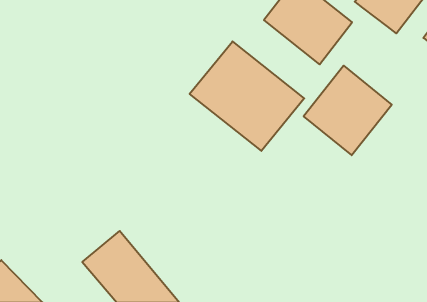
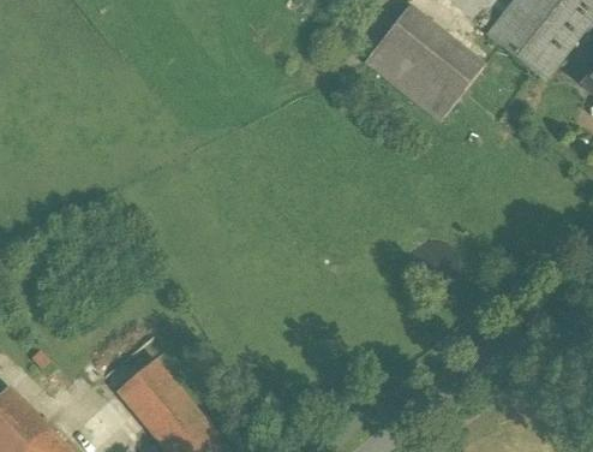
building: [190,41,304,151] -> none
building: [304,66,392,155] -> none

